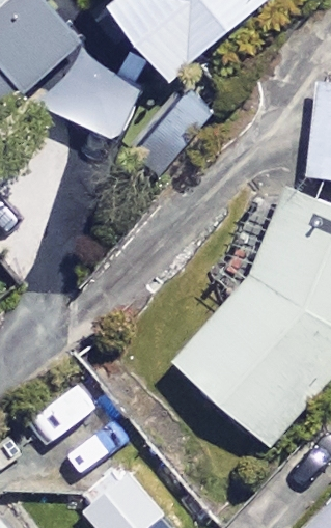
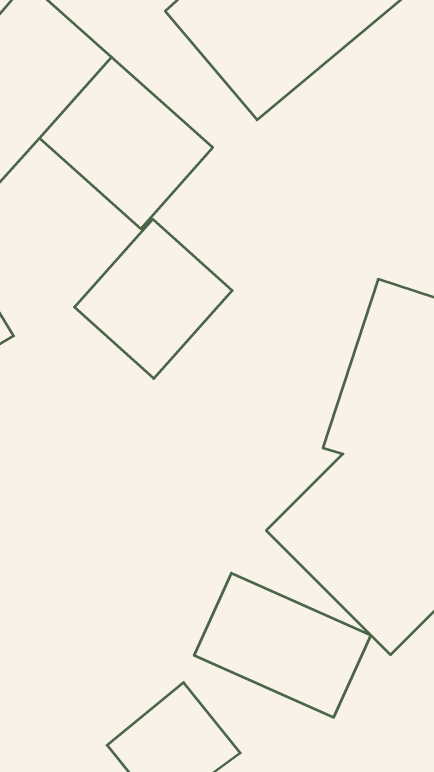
building: none -> [74,219,232,379]
building: none -> [194,573,371,717]

